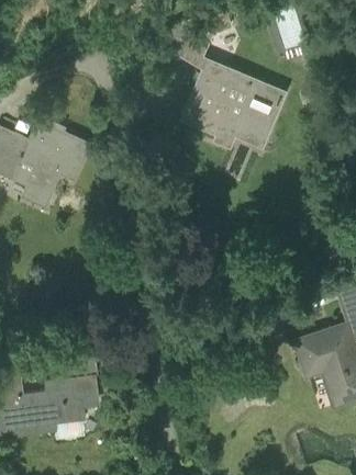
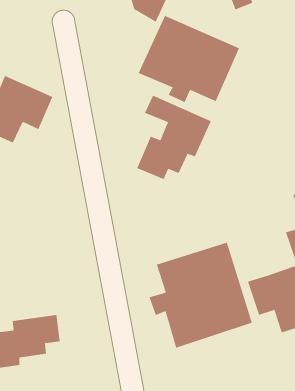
building: none -> [136,95,211,180]
building: none -> [149,242,252,349]

